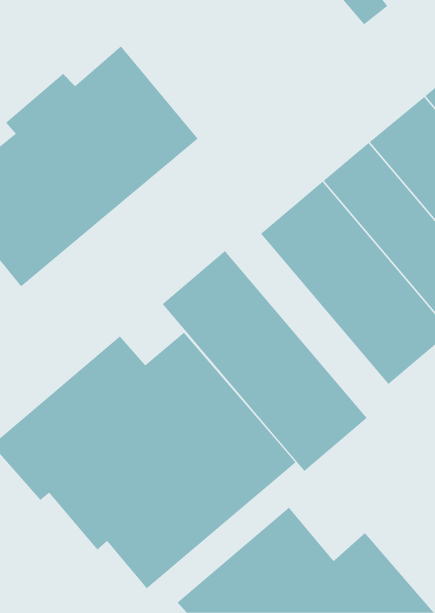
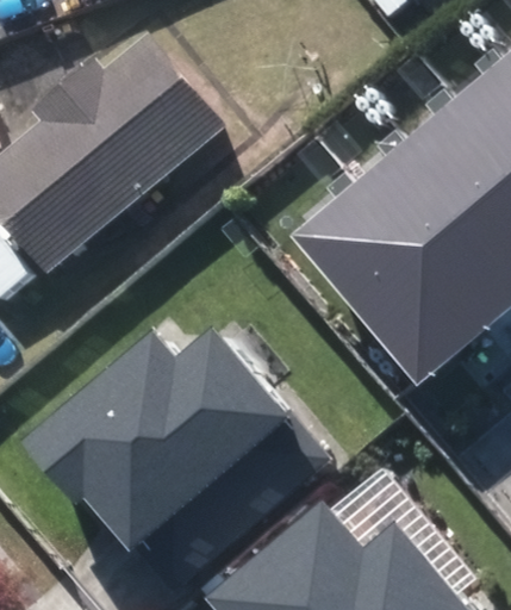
building: [162,250,368,472] -> none

